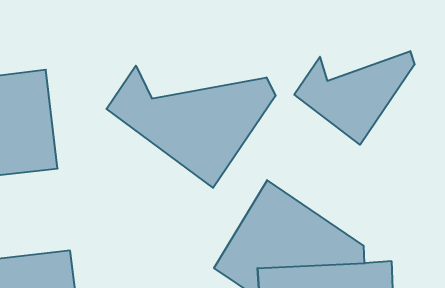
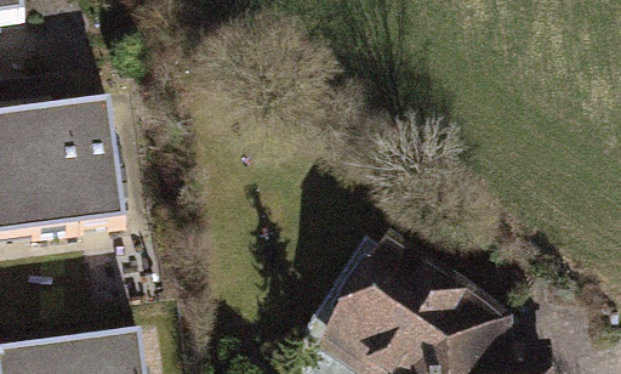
building: [294,51,415,145] -> none
building: [106,66,276,188] -> none

